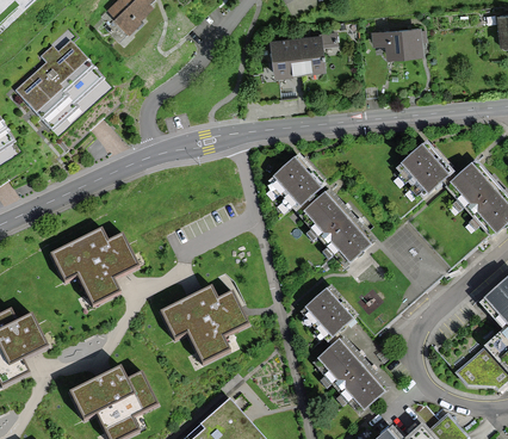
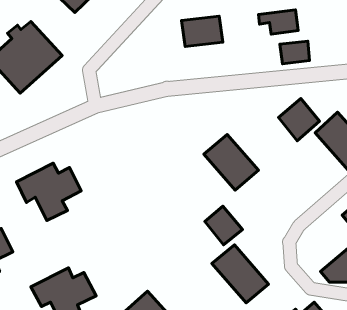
building: none -> [280,41,310,64]
building: [270,155,327,211] -> none
building: [161,286,247,363] -> none

